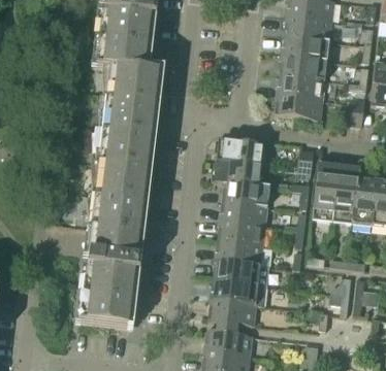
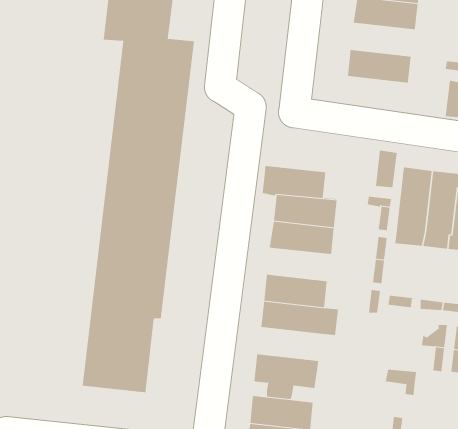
building: [279,56,327,80] -> none
building: [275,95,322,122] -> none
building: [216,140,264,166] -> none
building: [217,222,265,246] -> none
building: [210,280,268,306] -> none

